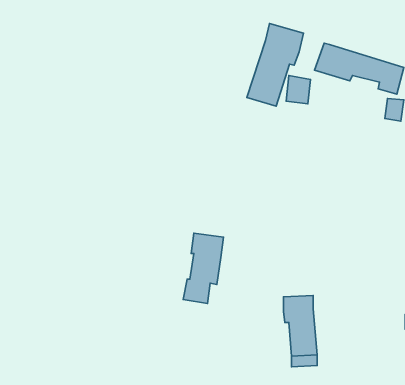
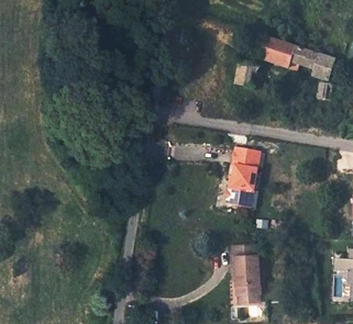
building: [247,24,304,106] -> none
building: [183,233,224,303] -> [224,150,257,208]

